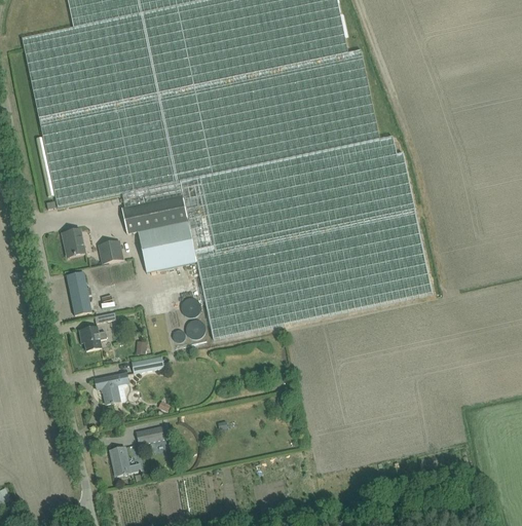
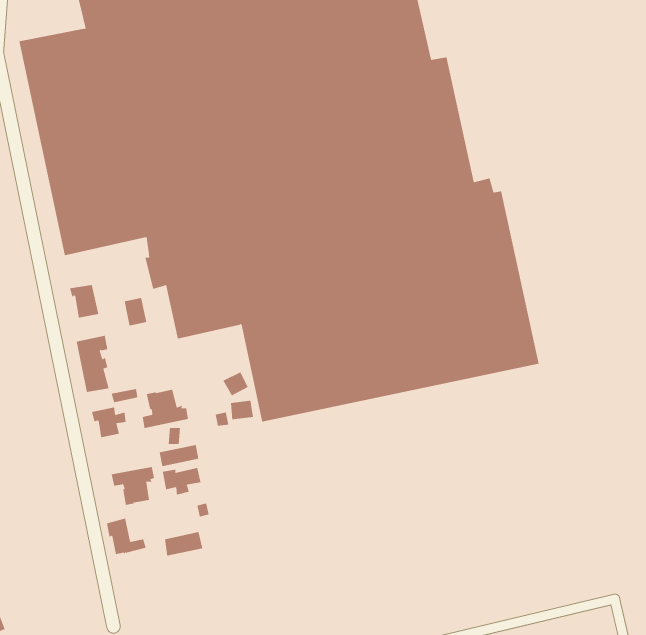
building: none -> [142,389,189,429]
building: none -> [162,467,201,496]
building: [109,446,141,475] -> [106,518,146,554]

